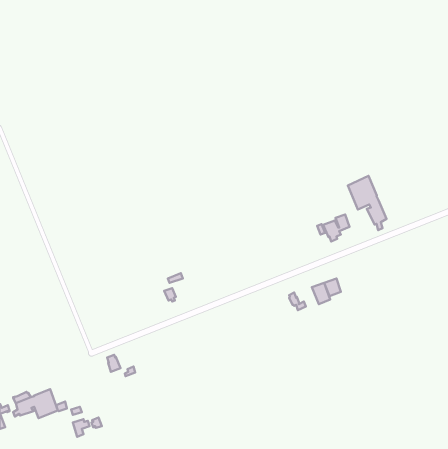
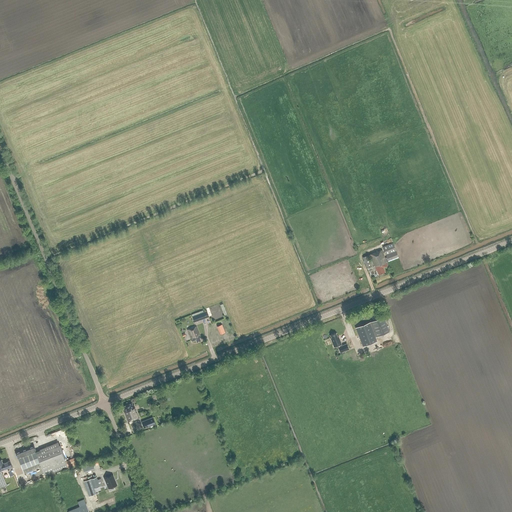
building: [348,176,386,230] -> none

